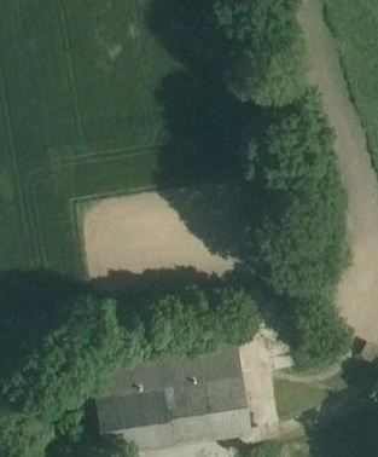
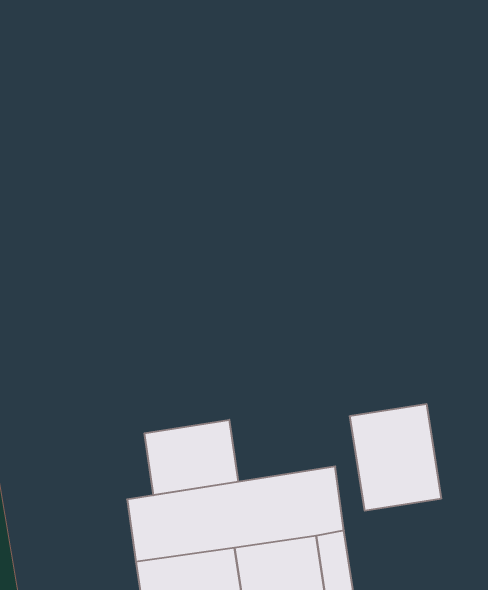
building: none -> [350,404,441,511]
building: none -> [144,420,238,495]

